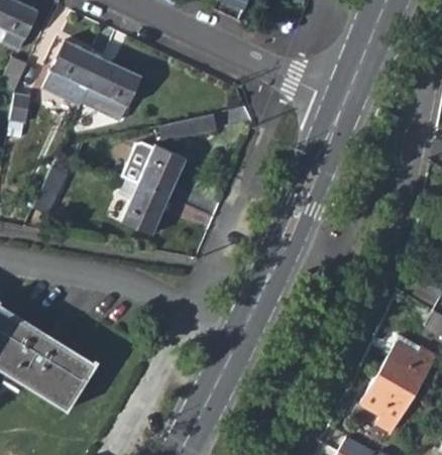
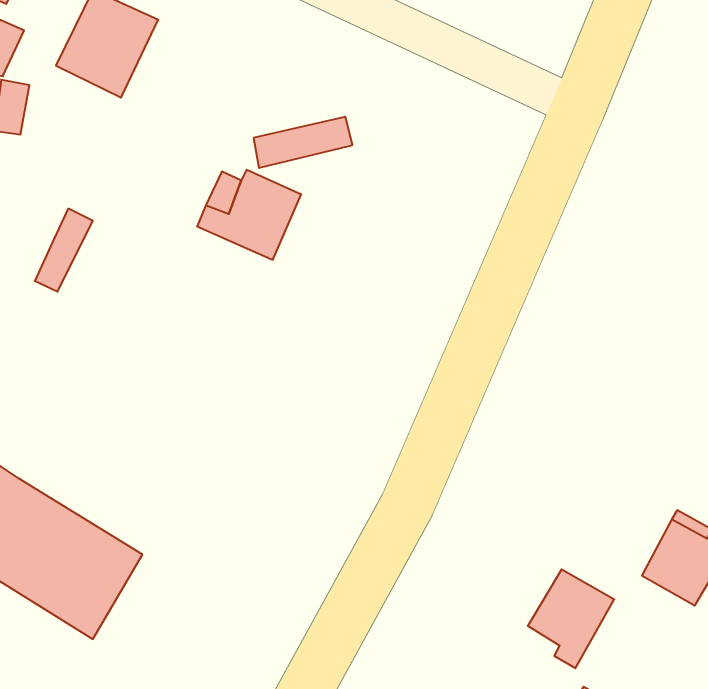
building: [83,58,141,119] -> none
building: [120,177,170,235] -> none
building: [361,375,411,432] -> [528,569,614,668]

